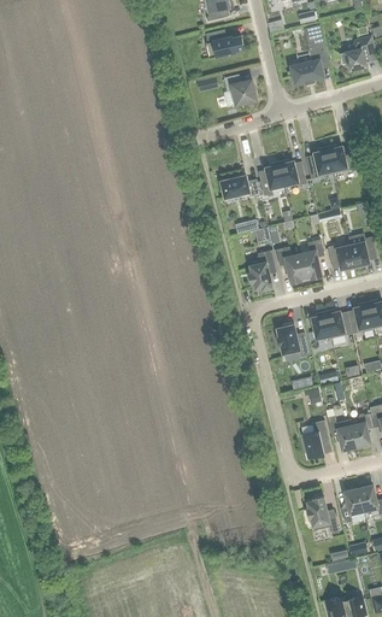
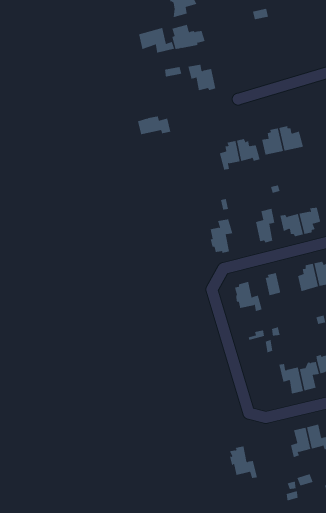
building: [290,27,328,83] -> none
building: none -> [138,27,175,53]
building: [339,39,372,70] -> none
building: [221,176,259,198] -> [137,116,171,135]
building: [275,247,305,283] -> none
building: [324,310,352,339] -> none
building: [301,421,330,458] -> none
building: [306,496,339,534] -> [229,446,258,479]

